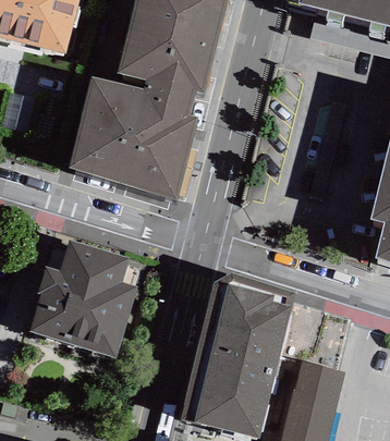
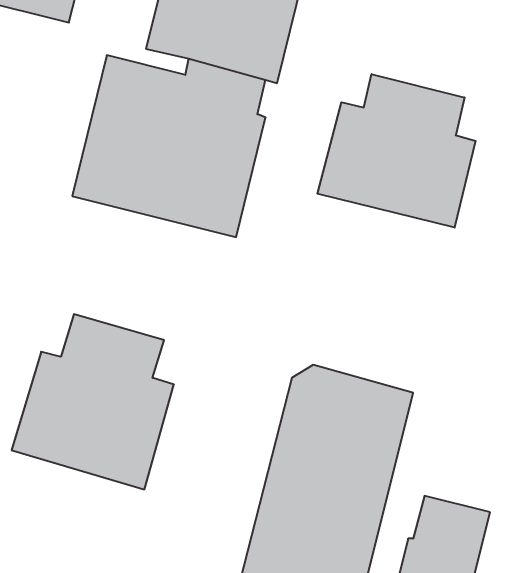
building: none -> [317,74,476,228]

